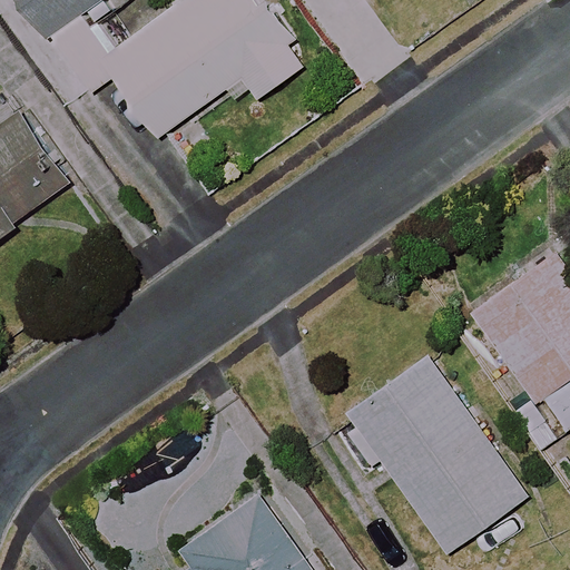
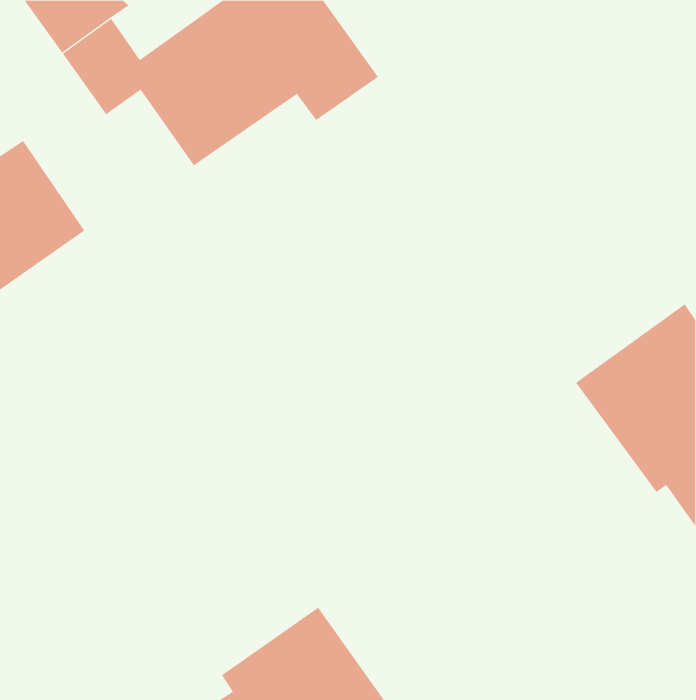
building: [350,355,529,551] -> none

